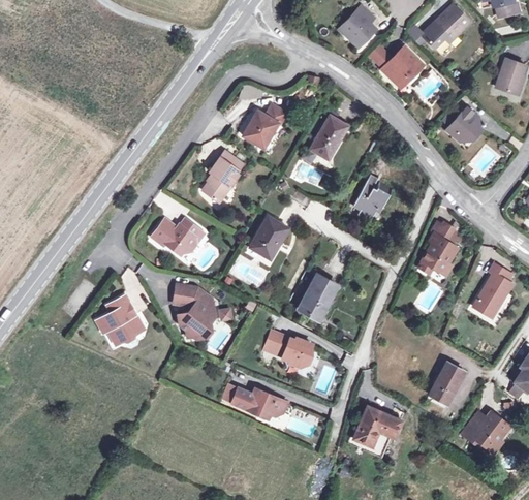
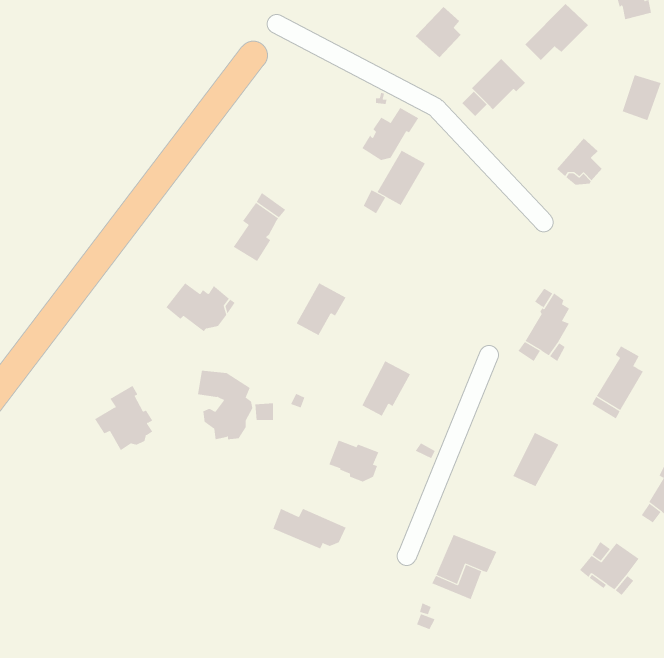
building: [242,102,285,143] -> [362,107,419,161]
building: [352,175,392,222] -> none
building: [429,362,464,403] -> [513,432,559,487]

